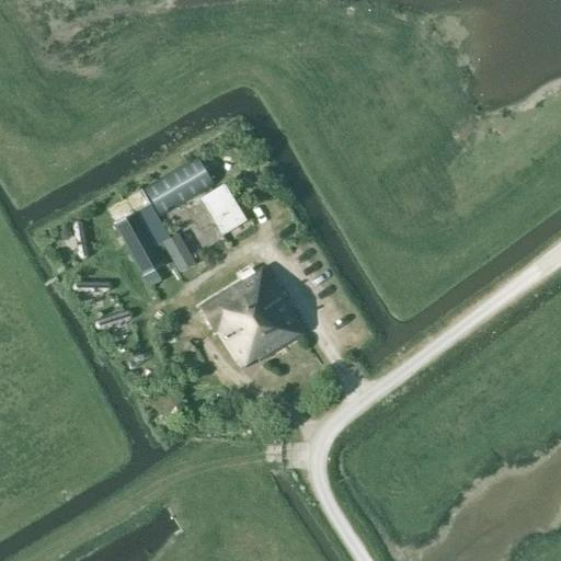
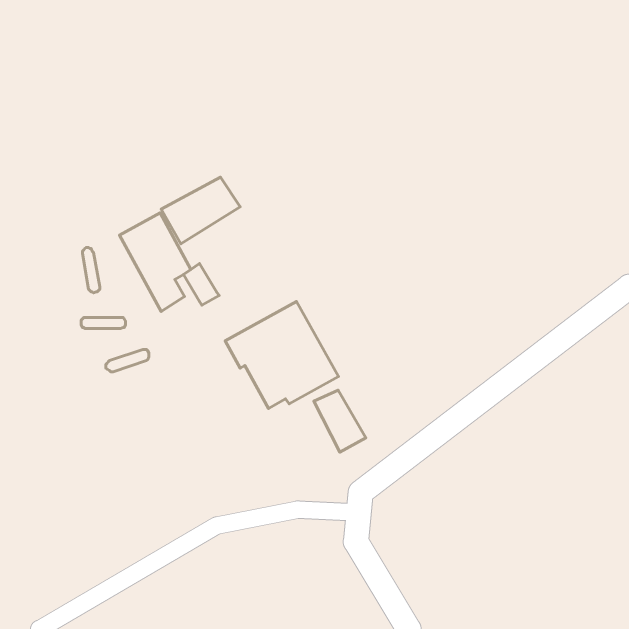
building: [198,184,247,236] -> none
building: none -> [314,390,366,452]

